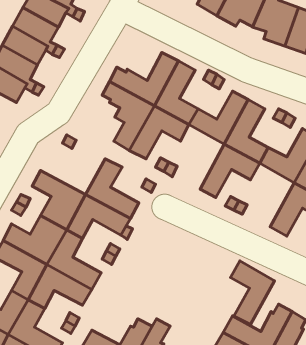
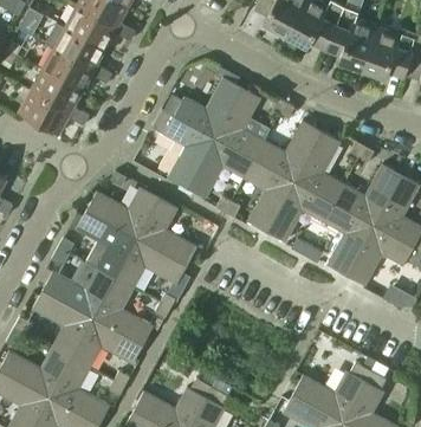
building: none -> [244,158,293,232]
building: none -> [85,187,158,238]
building: [231,261,274,325] -> [323,202,373,274]

